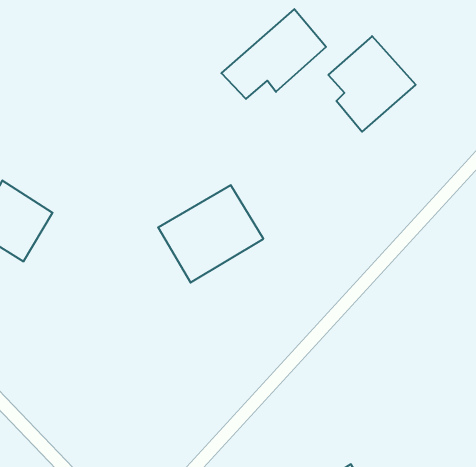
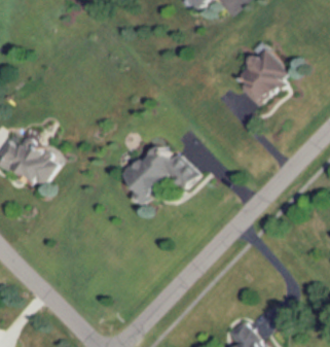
building: [221,9,326,99] -> none

